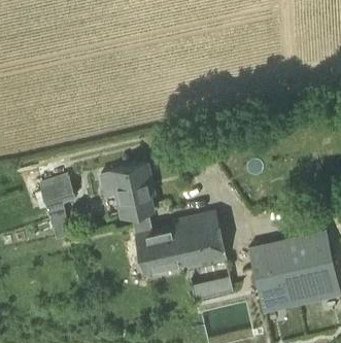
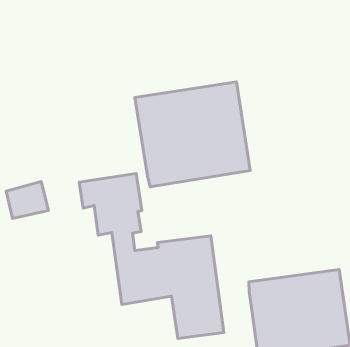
building: none -> [135,82,250,187]

